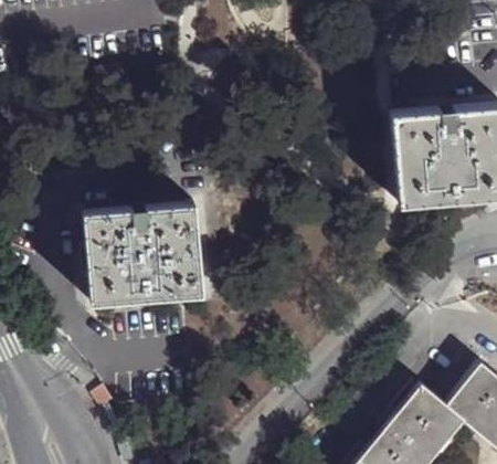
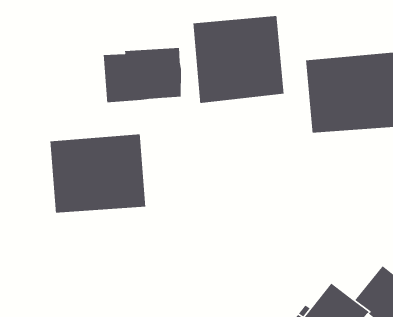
building: none -> [193,15,284,104]
building: none -> [103,47,182,103]

